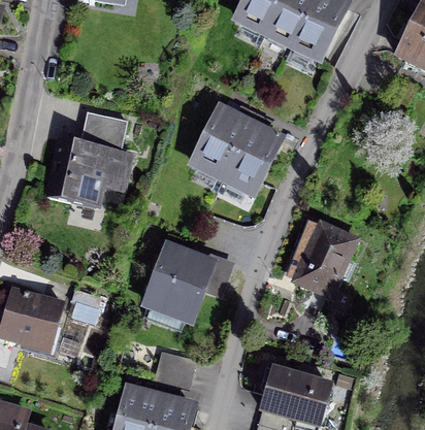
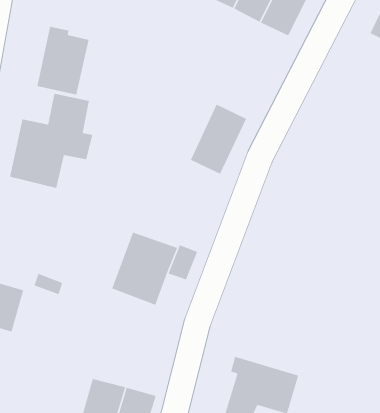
building: none -> [36,26,89,95]
building: [195,110,250,178] -> none
building: [289,224,356,295] -> none
building: [156,353,191,387] -> none

